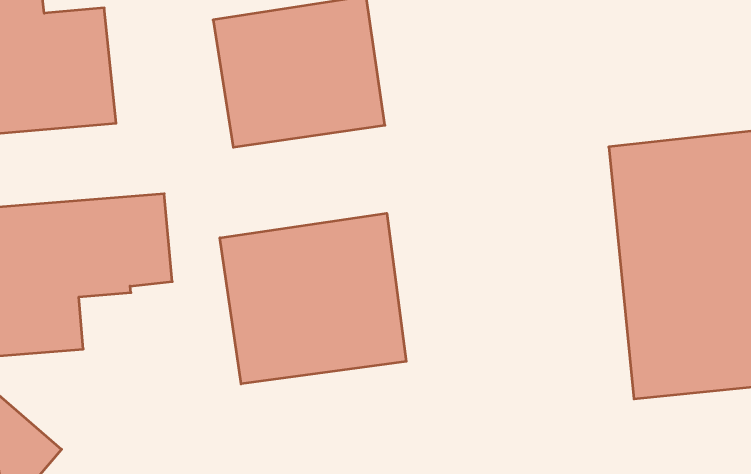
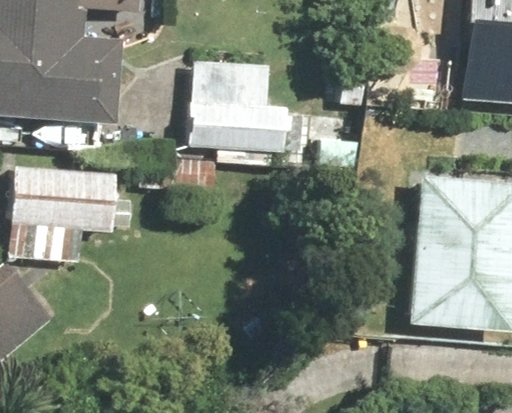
building: [220,213,406,384] -> none

